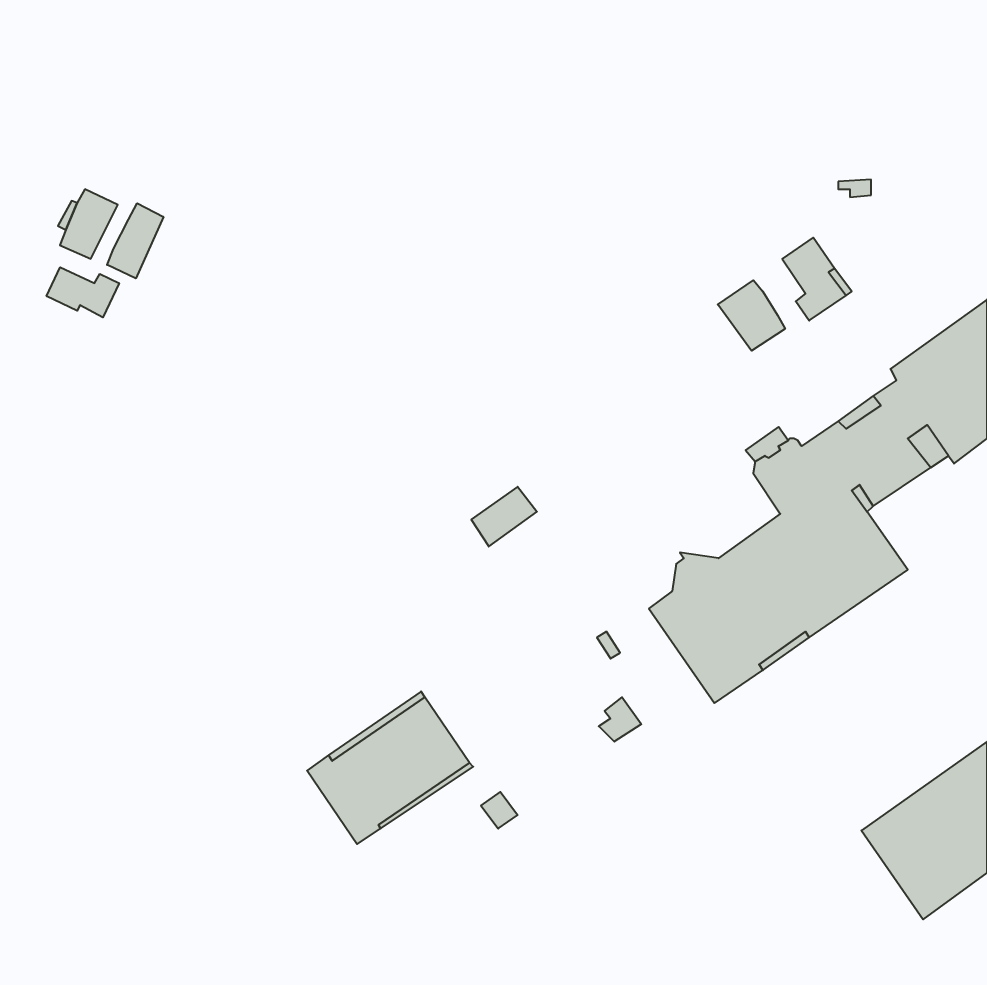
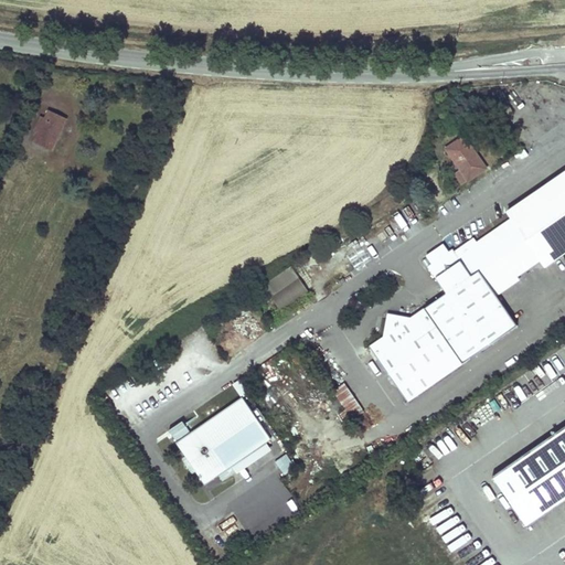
building: [107,203,163,278] -> none
building: [47,267,119,317] -> none
building: [718,280,785,351] -> none

